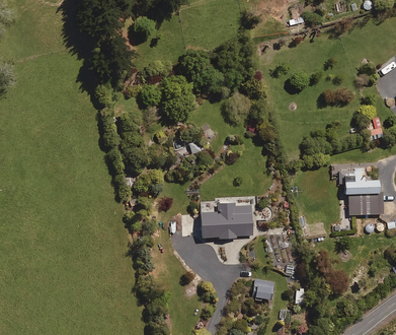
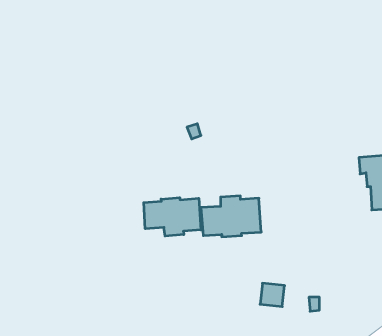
building: none -> [144,198,201,236]

